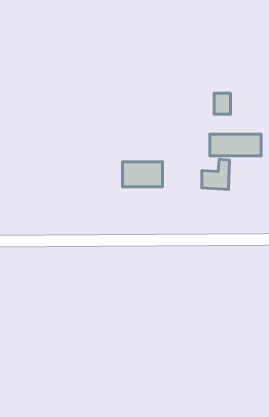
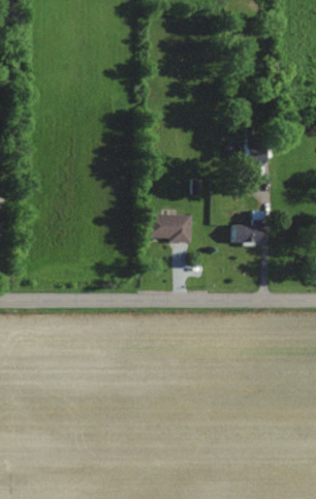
building: [210,134,261,156] -> none

